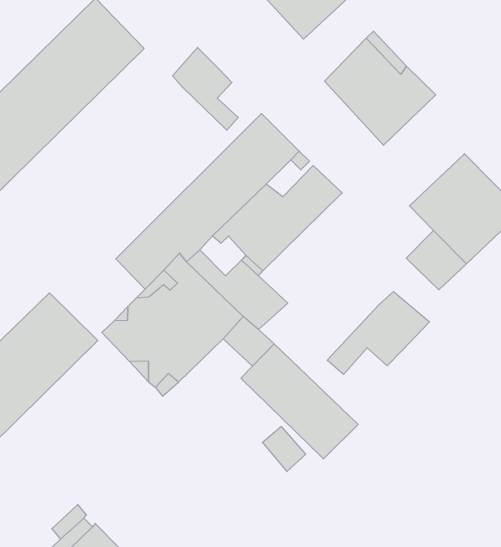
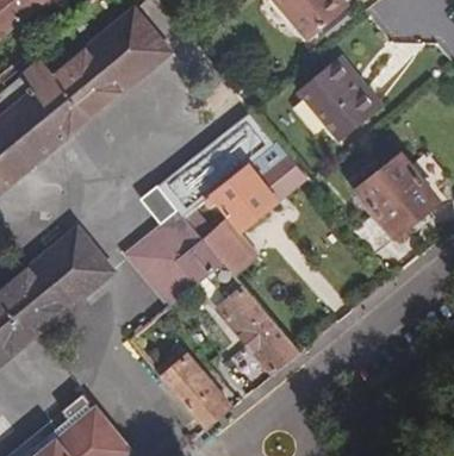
building: [173,47,238,130] -> none
building: [327,292,430,374] -> none
building: none -> [158,348,232,430]

